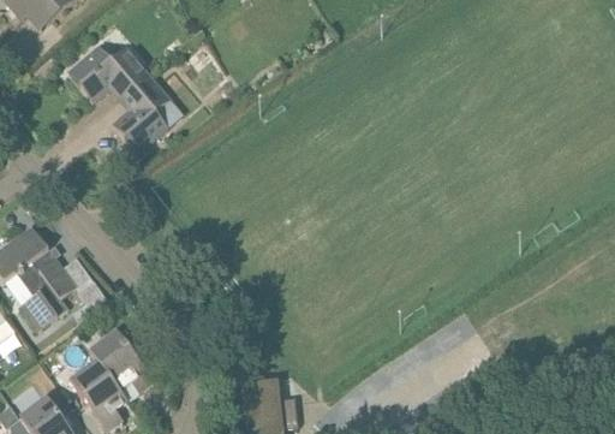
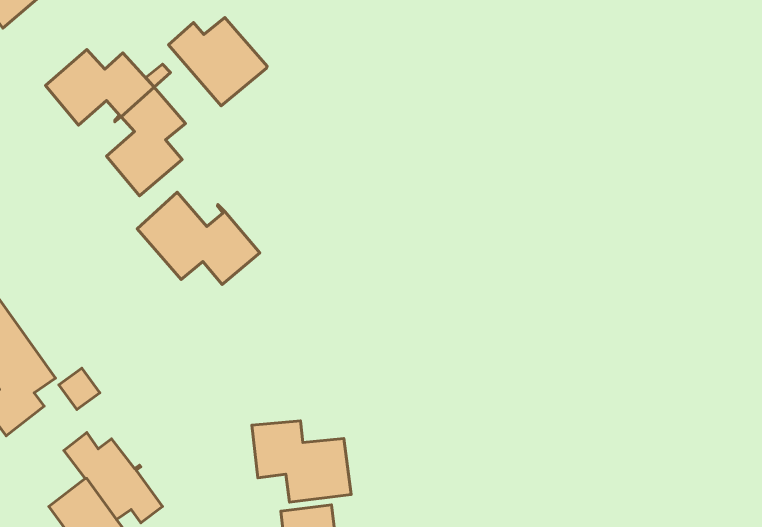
building: none -> [169,17,267,106]
building: none -> [137,192,260,284]
building: none -> [252,421,351,502]

